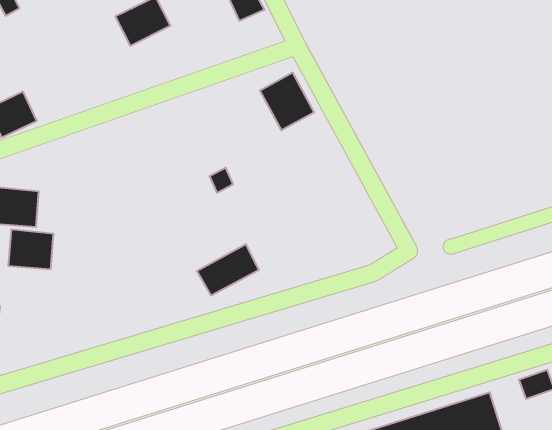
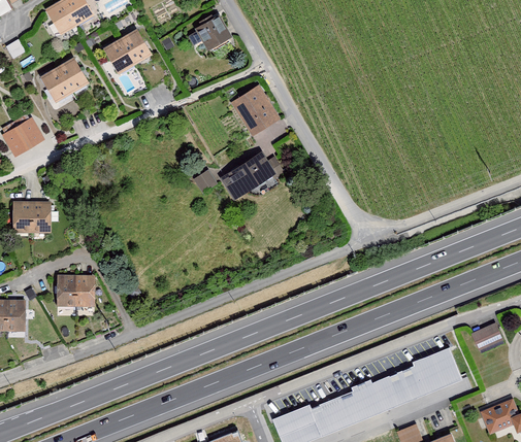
building: none -> [42,61,89,103]
building: [8,229,53,269] -> [58,276,94,307]
building: [197,244,259,295] -> [222,155,274,200]

